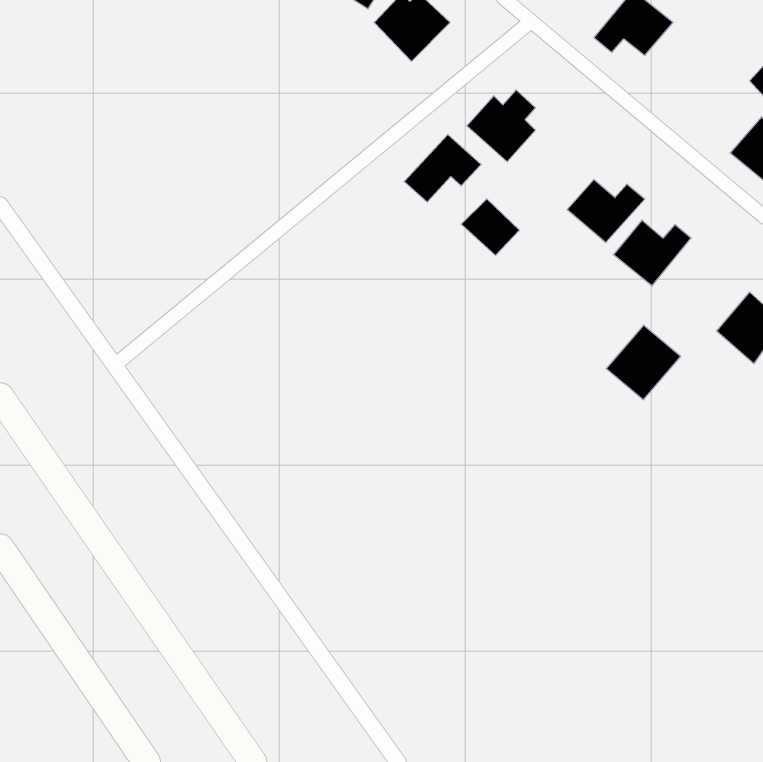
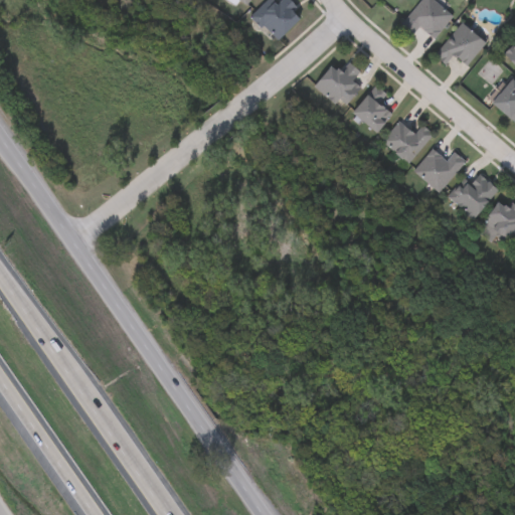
building: none -> [436,21,487,65]
building: [404,134,481,202] -> none
building: [461,199,520,256] -> [353,94,392,132]
building: [606,325,681,400] -> [449,169,499,219]

